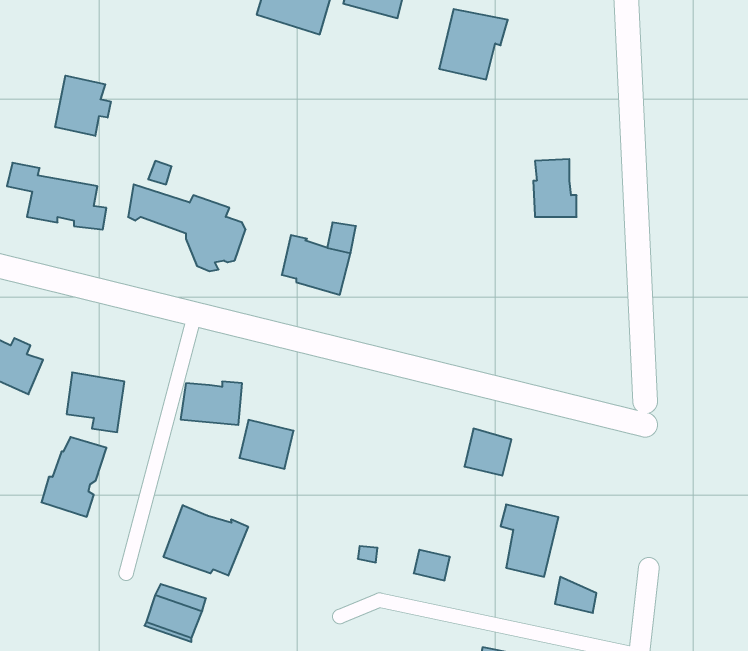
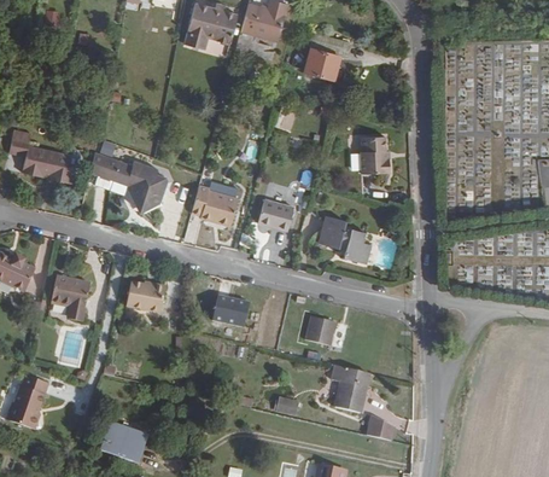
building: [55,76,111,136] -> none
building: none -> [256,199,292,231]
building: none -> [319,214,372,261]
building: [239,420,294,469] -> [211,293,247,326]
building: [41,437,107,517] -> [11,378,54,431]
building: [164,505,248,576] -> none

